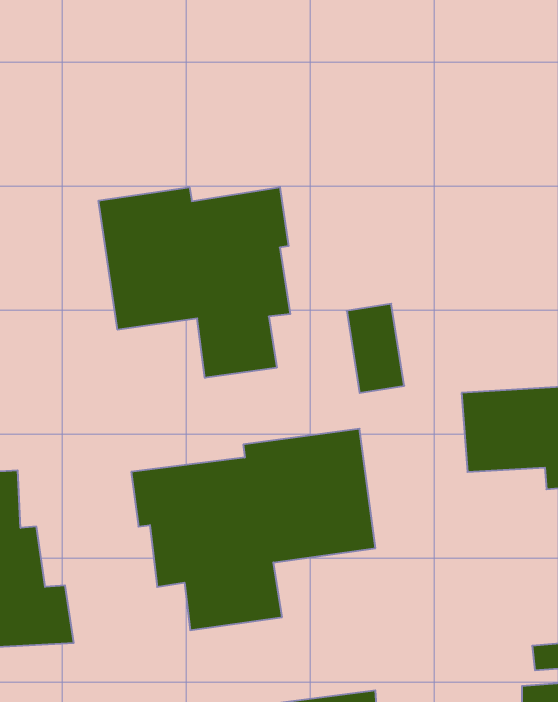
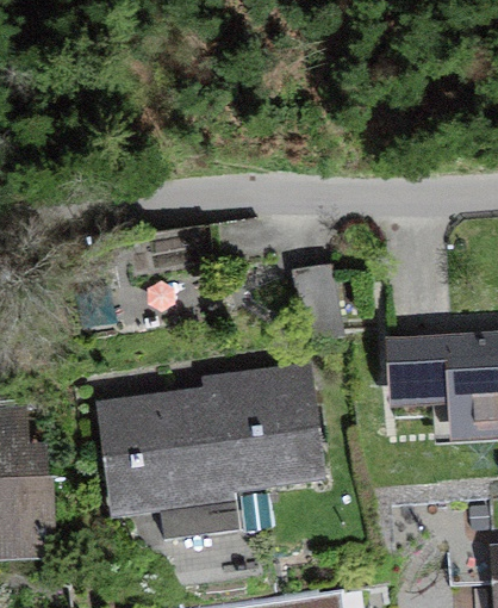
building: [99,187,290,378] -> none

